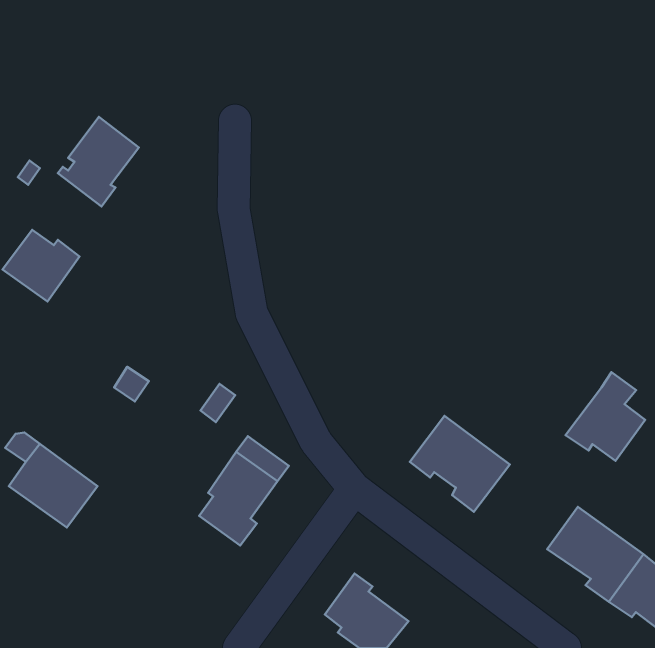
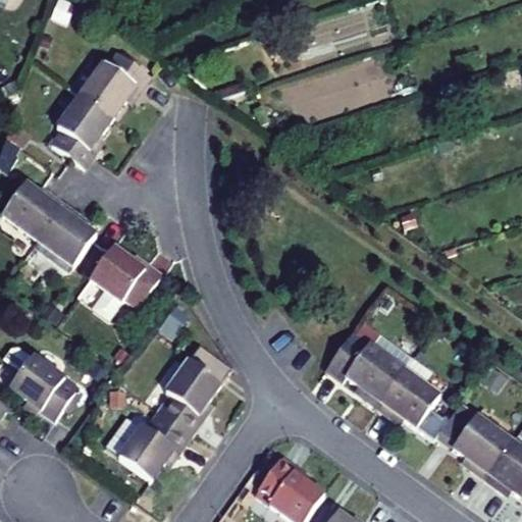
building: none -> [80,51,148,117]
building: none -> [39,204,96,265]
building: none -> [89,244,161,306]
building: [565,372,645,461] -> [377,357,440,427]
building: none -> [119,410,192,480]

